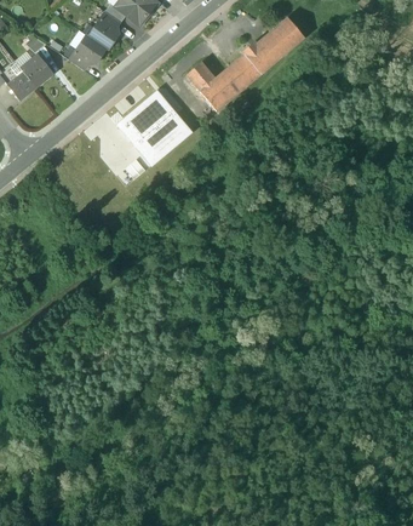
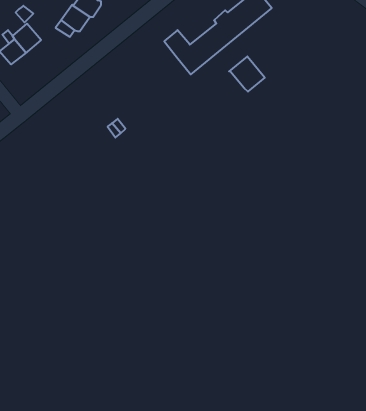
building: none -> [229,56,265,92]
building: [119,92,191,164] -> none

